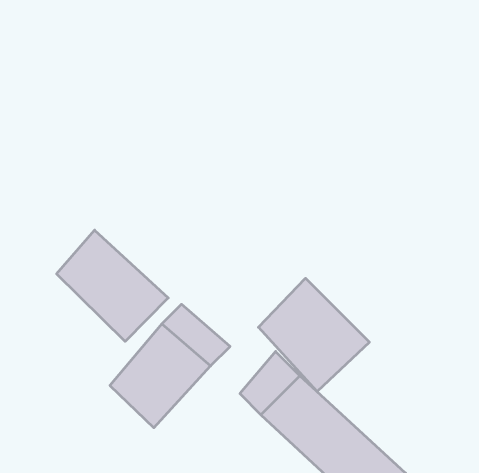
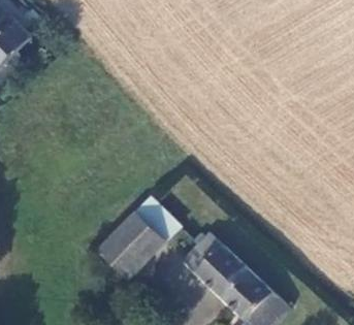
building: [57,230,168,341] -> none
building: [258,278,369,391] -> none

